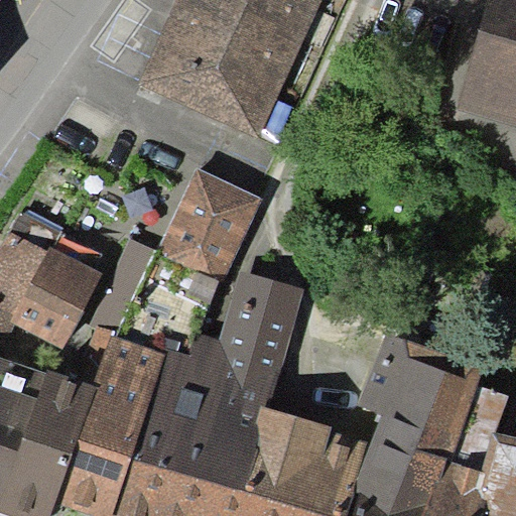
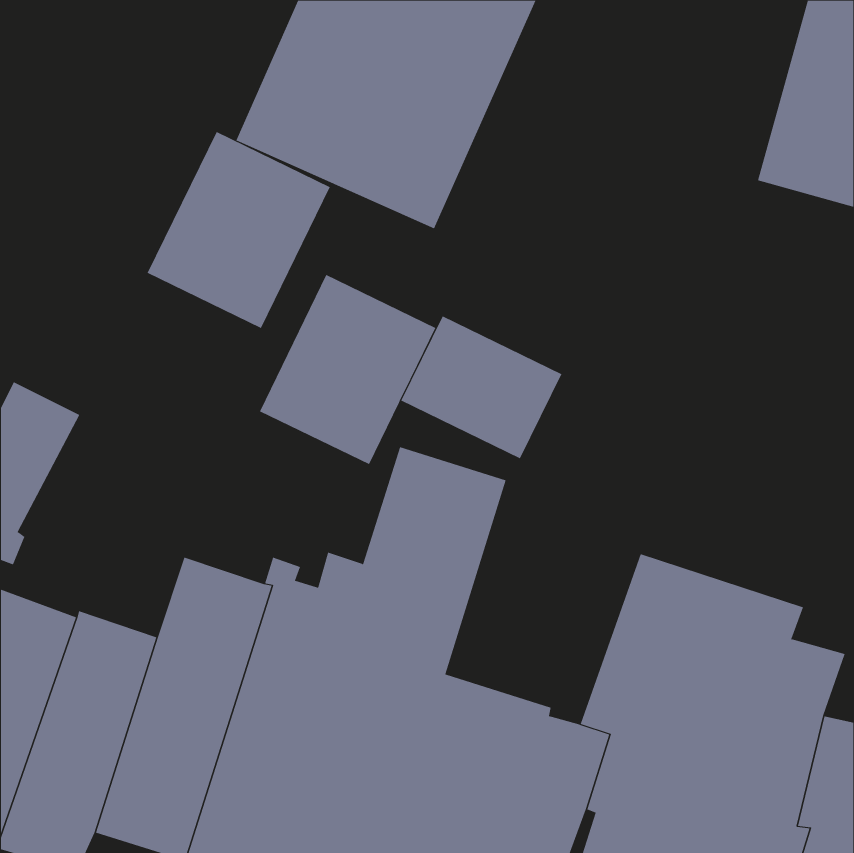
building: none -> [147,131,331,329]
building: none -> [401,315,562,459]
building: [11,246,104,350] -> none

